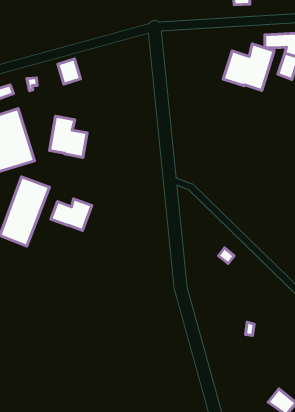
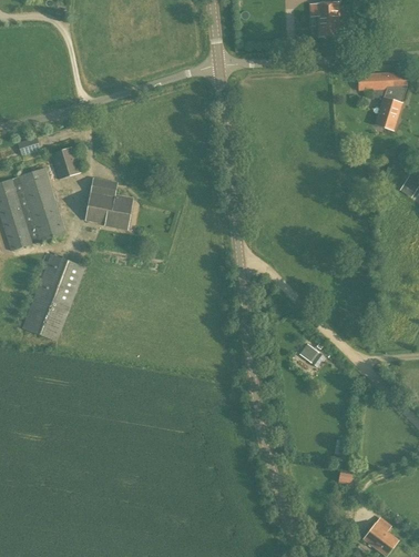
building: [223,44,274,90] -> none
building: [58,59,81,84] -> [50,146,79,179]
building: [51,199,92,230] -> none

